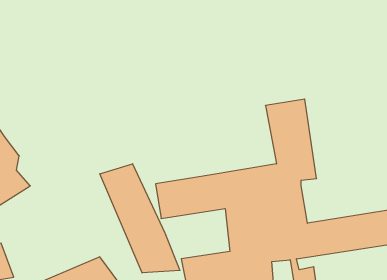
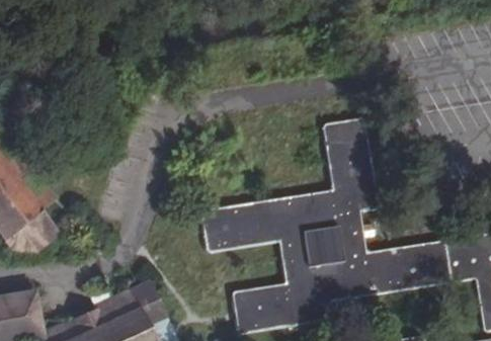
building: [100,164,180,273] -> none

